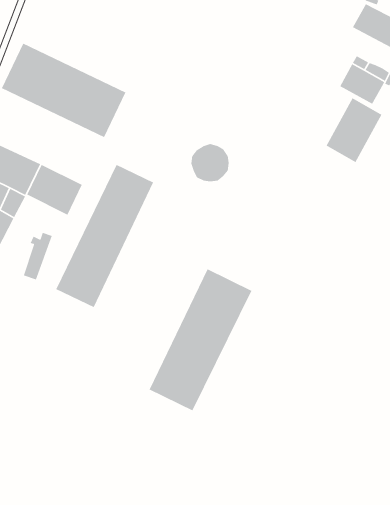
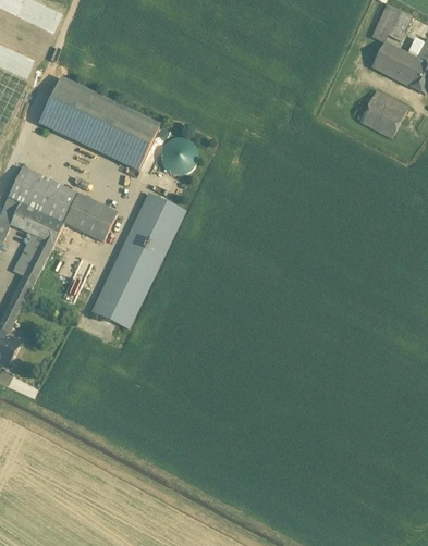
building: [325,97,383,163] -> none
building: [190,143,230,182] -> [160,137,197,174]
building: [148,268,253,412] -> none

